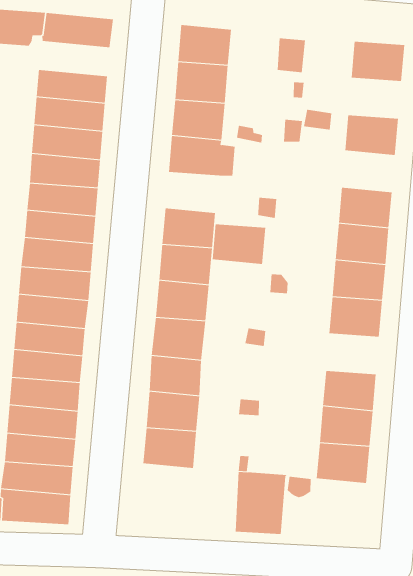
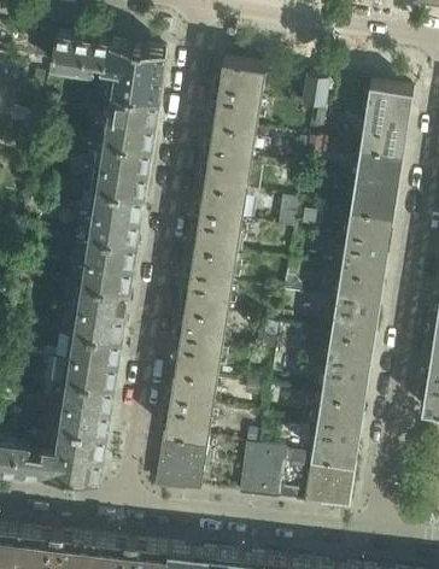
building: none -> [98,66,160,100]
building: none -> [359,116,408,153]
building: none -> [350,177,398,216]
building: [212,224,266,264] -> [198,186,246,223]
building: none -> [326,333,374,370]
building: none -> [156,433,207,492]
building: none -> [303,456,355,509]

